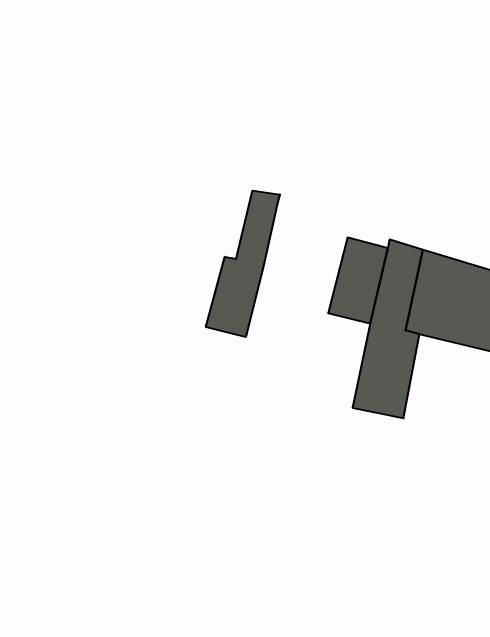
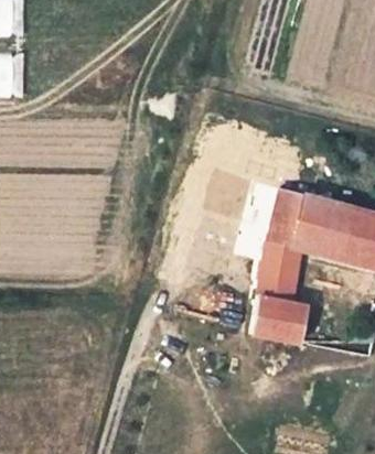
building: [206,191,280,337] -> none
building: none -> [251,294,310,344]

